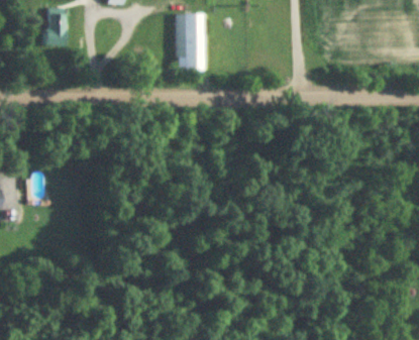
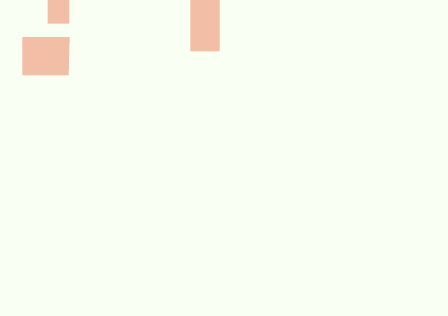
building: none -> [22,36,70,76]

